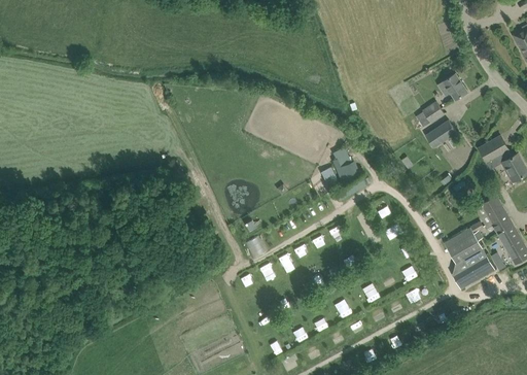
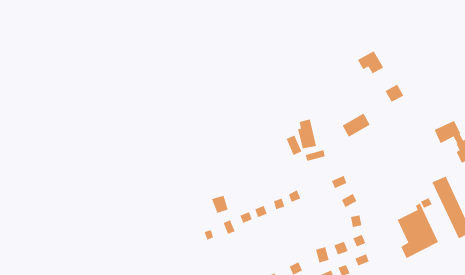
building: [437,74,467,100] -> [357,51,384,74]
building: [425,121,456,148] -> [342,113,371,137]

